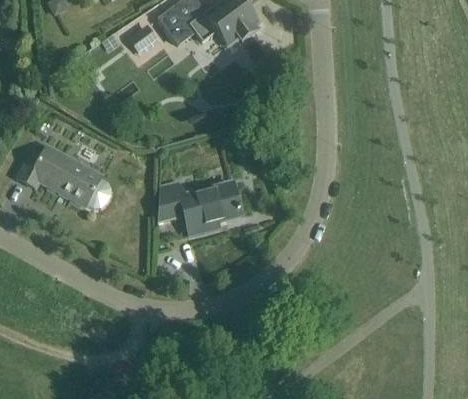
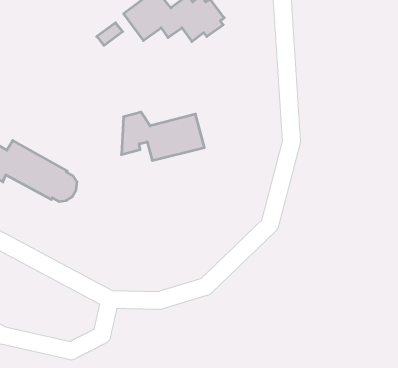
building: [157,178,241,227] -> [121,112,204,160]

